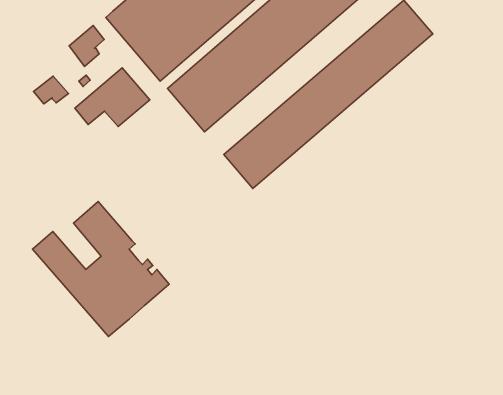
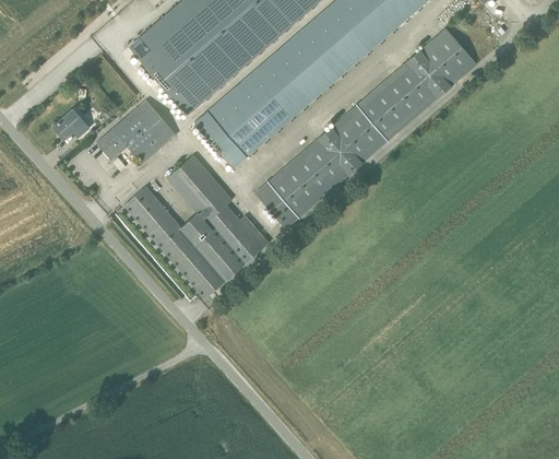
building: [69,25,104,67] -> none
building: [32,202,169,337] -> [123,154,269,297]

